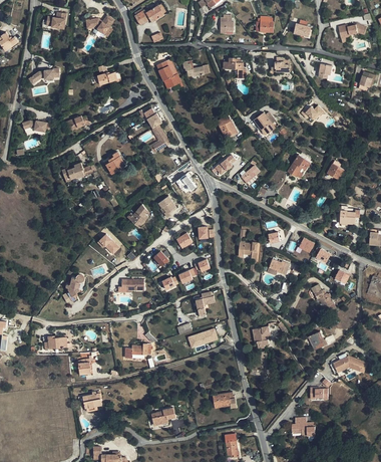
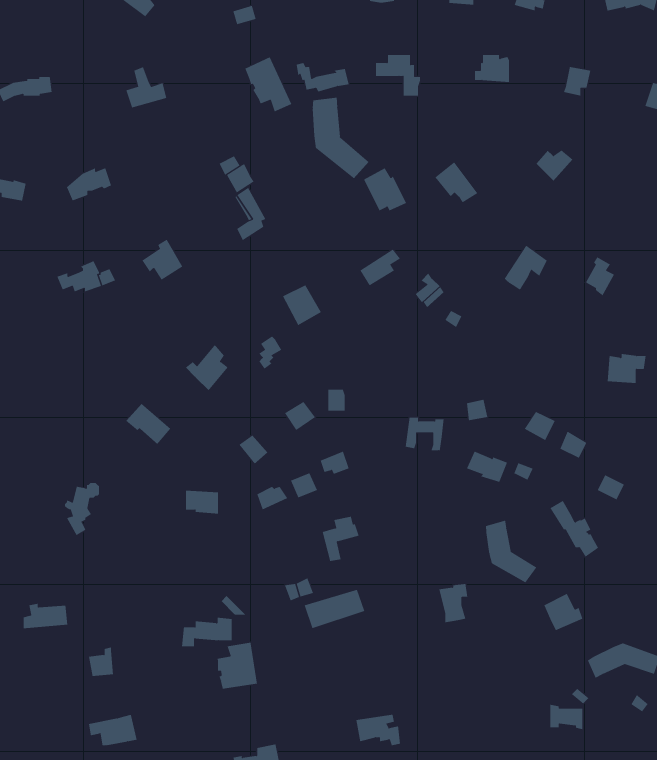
building: none -> [312,97,370,179]
building: none -> [486,520,537,583]
building: none -> [217,642,257,690]

